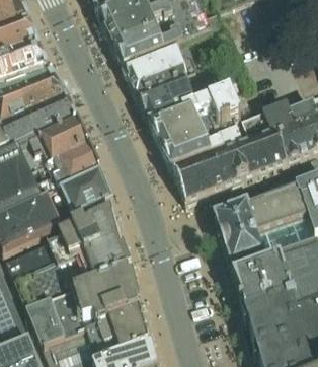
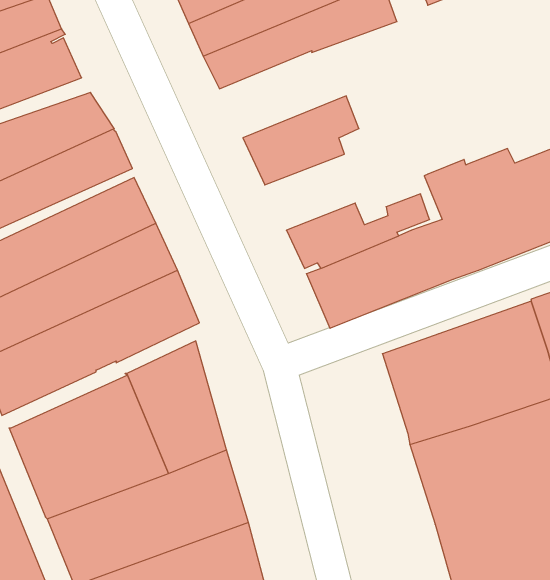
building: [125,45,196,93] -> none
building: [150,88,241,145] -> none

